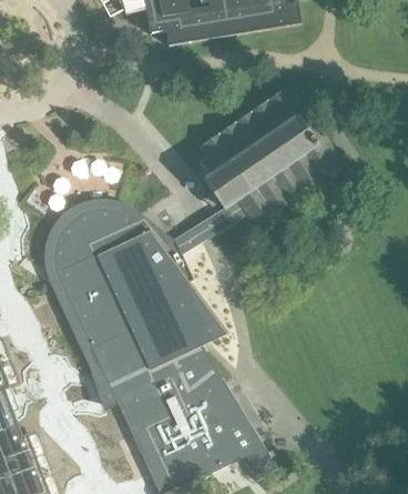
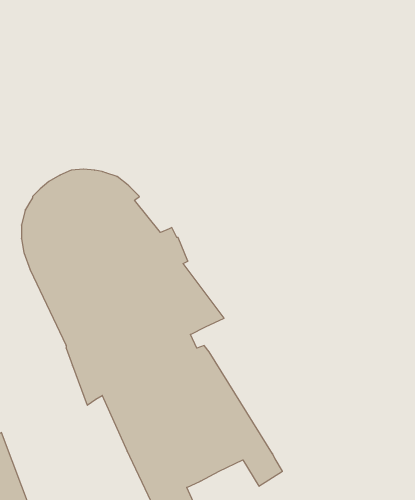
building: [176,82,344,252] -> none

